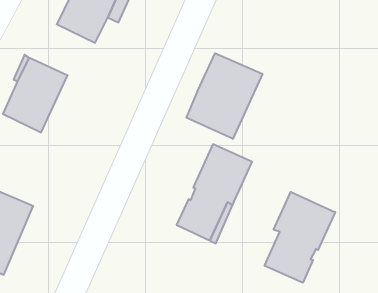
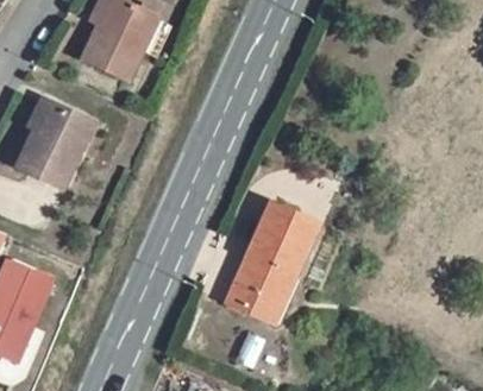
building: [186,53,262,139] -> none
building: [265,192,335,283] -> none

